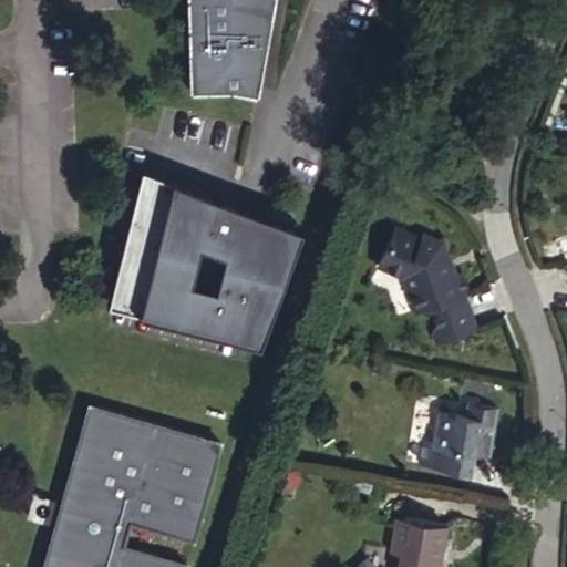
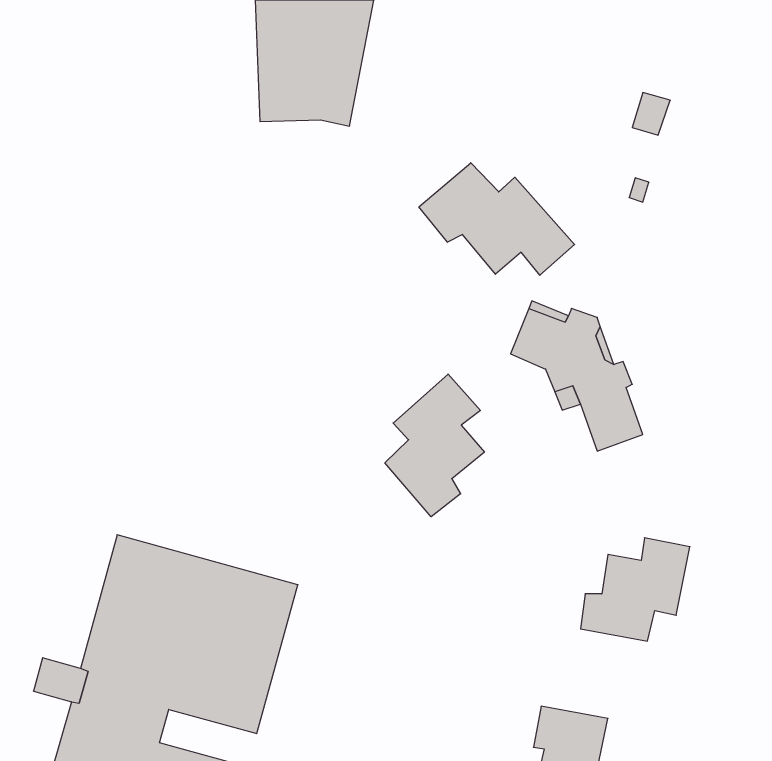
building: none -> [419,163,575,275]
building: [110,178,297,346] -> none
building: none -> [385,374,484,517]

